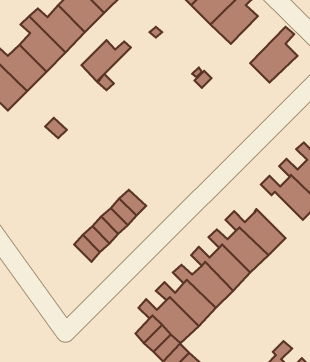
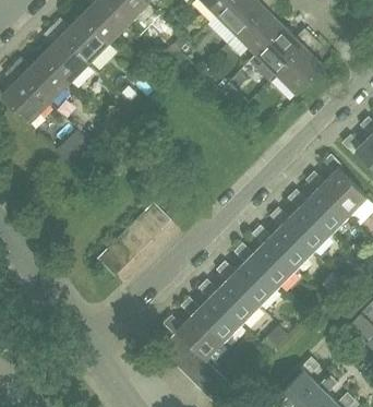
building: none -> [256,27,312,75]
building: [82,40,131,81] -> none
building: none -> [269,206,329,253]

